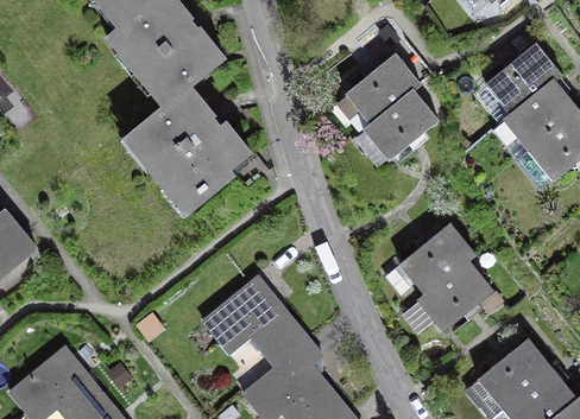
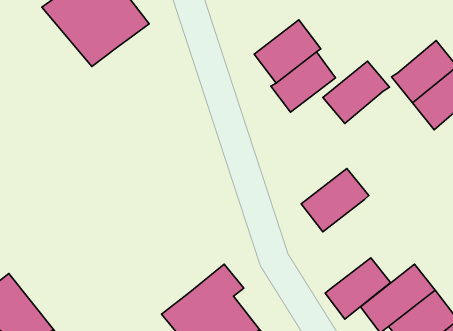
building: [484,45,560,116] -> [323,61,389,124]
building: [121,87,250,217] -> none
building: [418,261,493,331] -> [325,258,391,319]
building: [198,271,310,367] -> none

